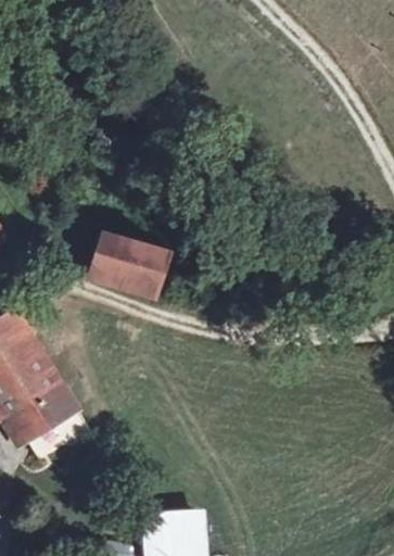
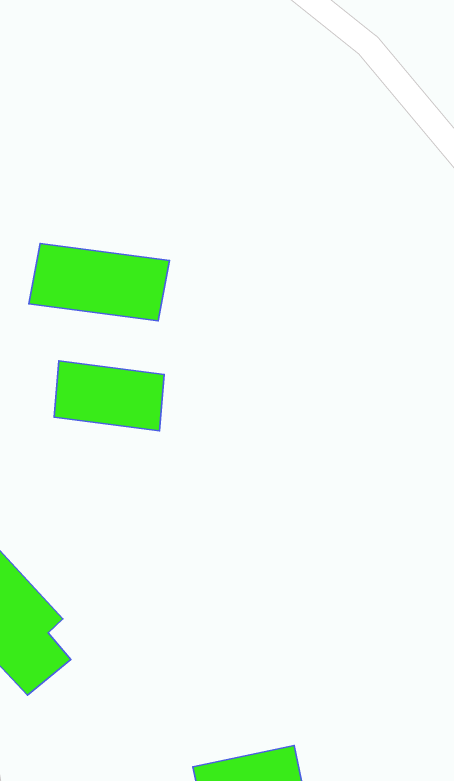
building: none -> [29,244,169,321]

